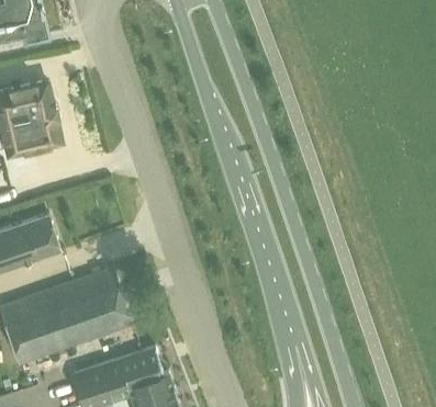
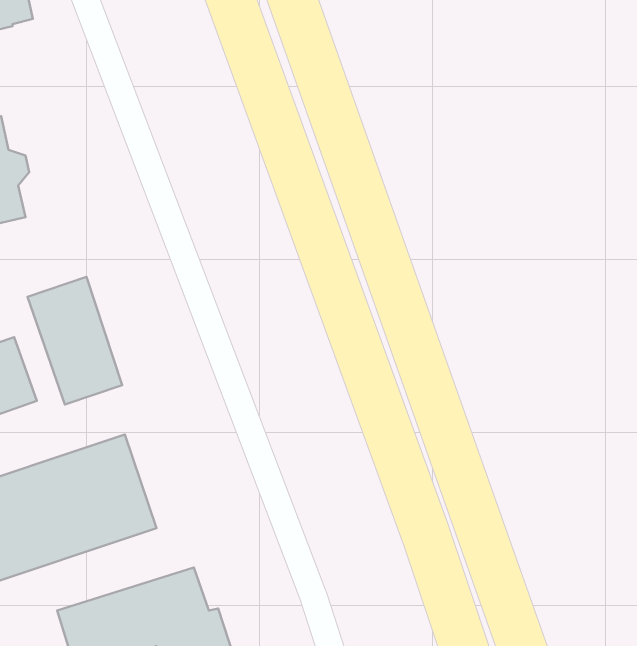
building: none -> [27,277,122,404]

